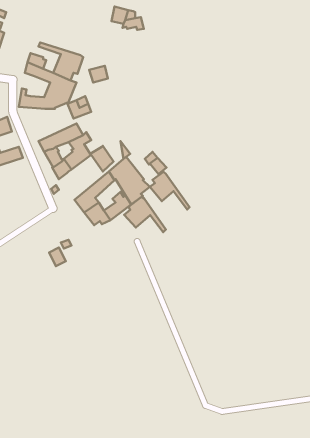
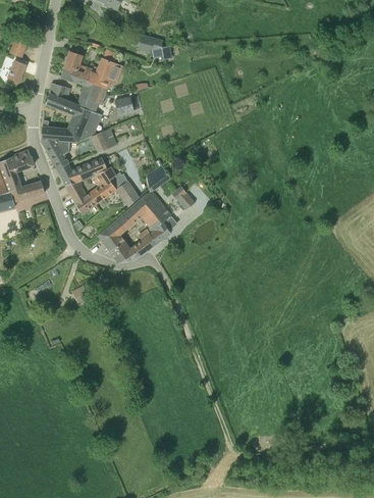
building: none -> [63,48,122,87]
building: none -> [41,139,69,168]
building: [150,172,189,210] -> none
building: [124,197,166,232] -> none

